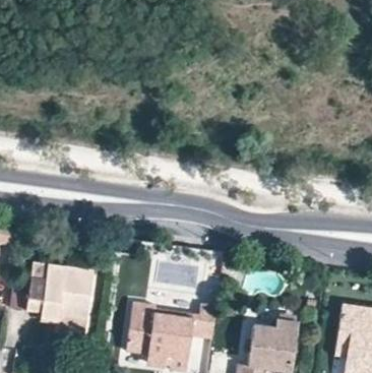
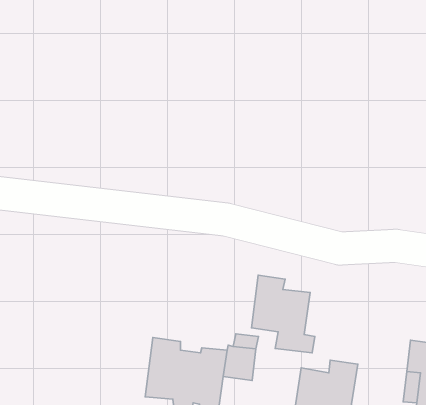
building: none -> [251,275,315,353]
building: [29,265,97,322] -> none

